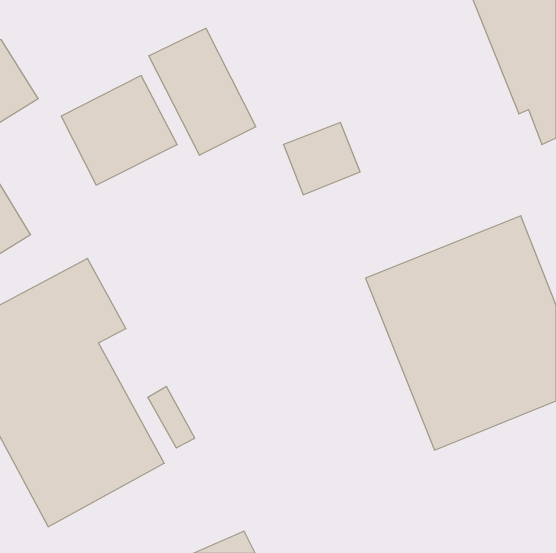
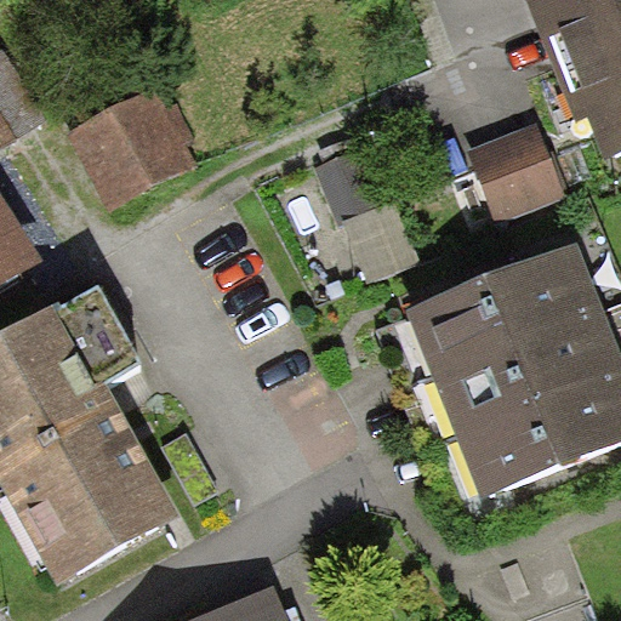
building: [149,28,256,155] -> none
building: none -> [463,123,566,229]

